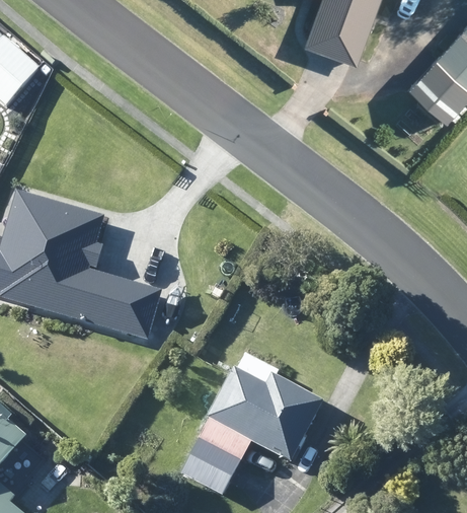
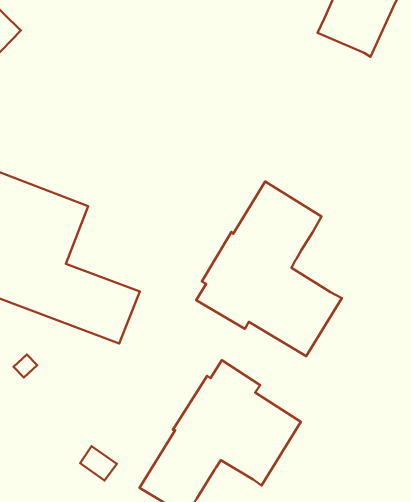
building: none -> [196,182,342,356]

